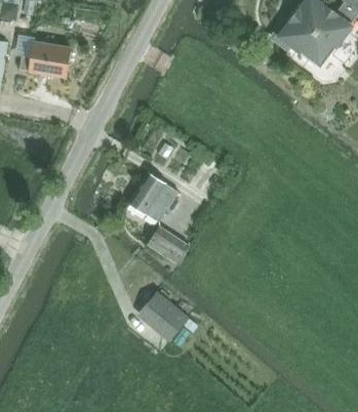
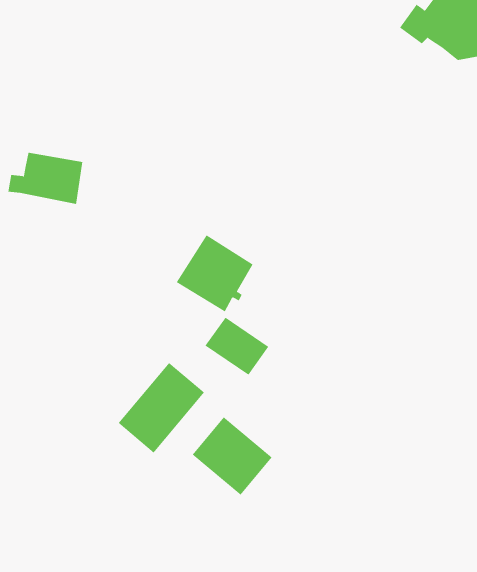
building: [19,43,69,77] -> [7,152,83,204]
building: none -> [118,362,205,453]

